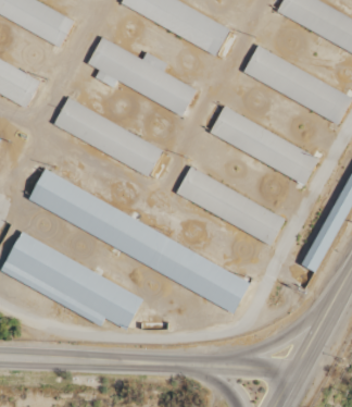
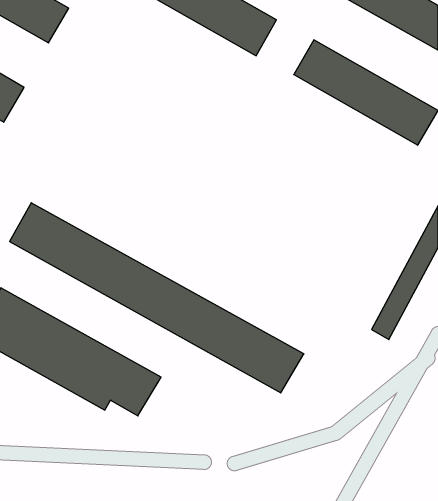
building: [87,37,197,116] -> none
building: [53,96,162,176] -> none
building: [209,104,318,184] -> none
building: [175,165,285,245] -> none

